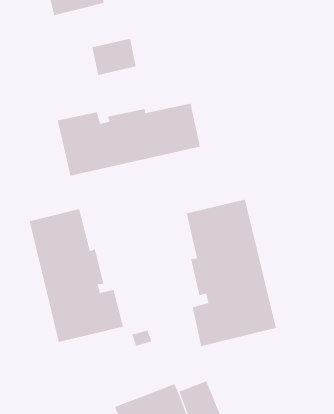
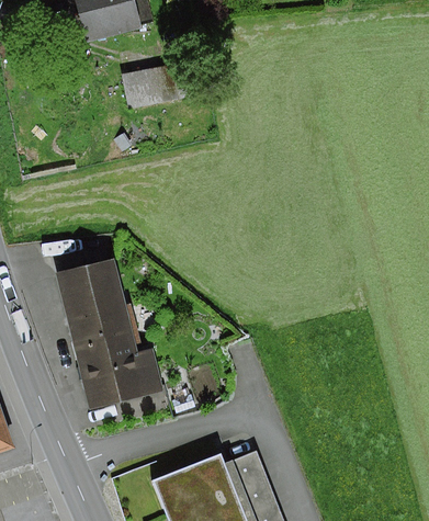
building: [57,103,200,177] -> none
building: [186,199,276,347] -> none

